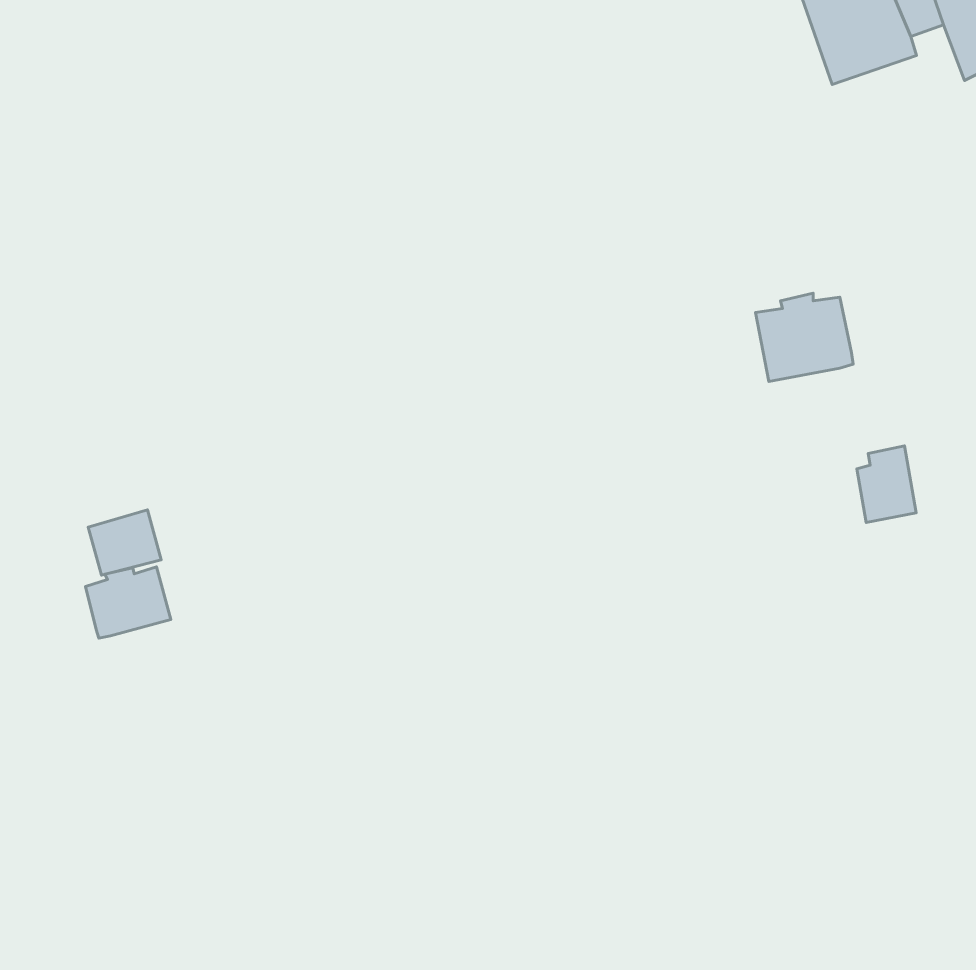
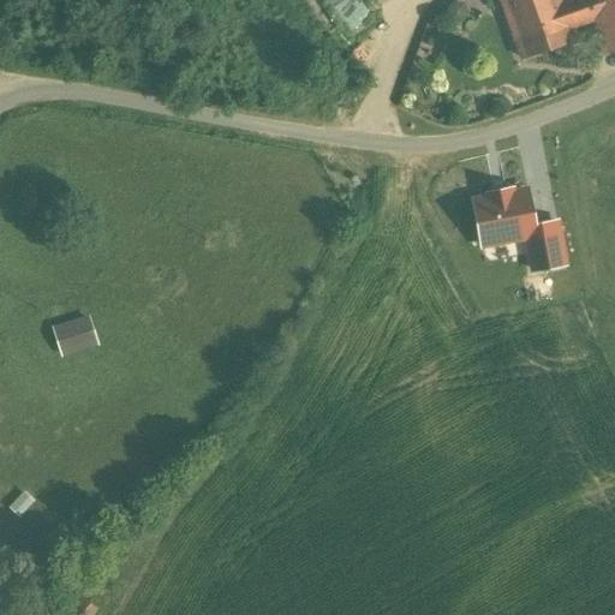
building: [857,446,916,523] -> [529,216,566,264]
building: [85,567,171,638] -> none

